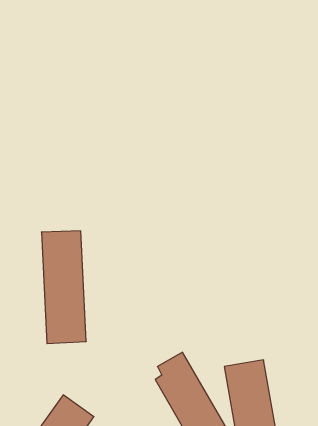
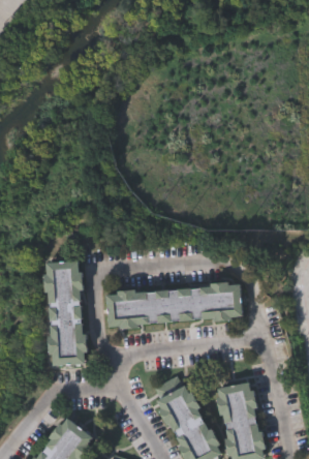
building: none -> [105,281,242,325]

